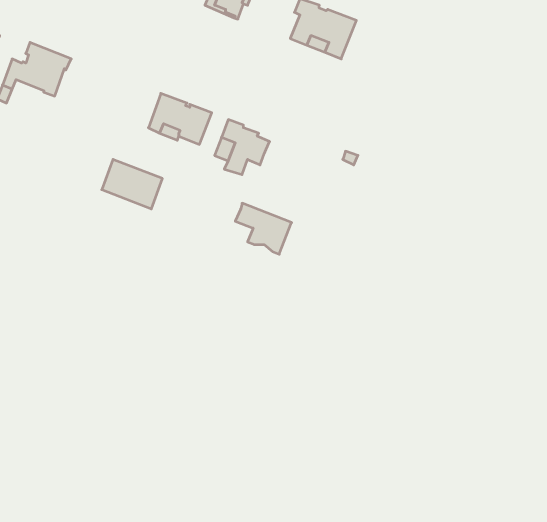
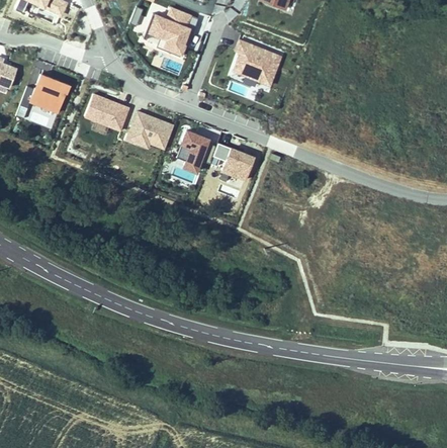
building: [102,159,162,209] -> [85,93,129,129]
building: [235,203,292,254] -> [212,142,254,179]

